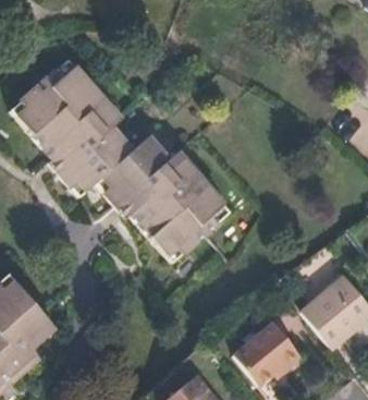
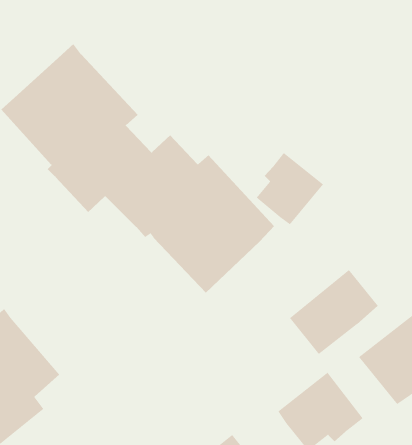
building: none -> [256,152,324,225]
building: none -> [289,269,378,355]

